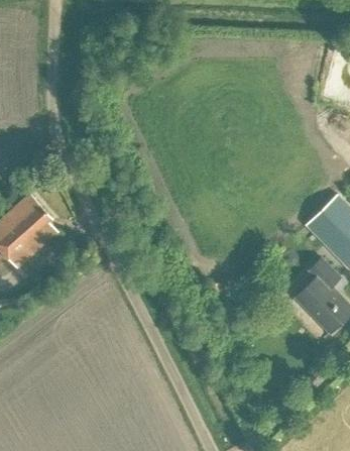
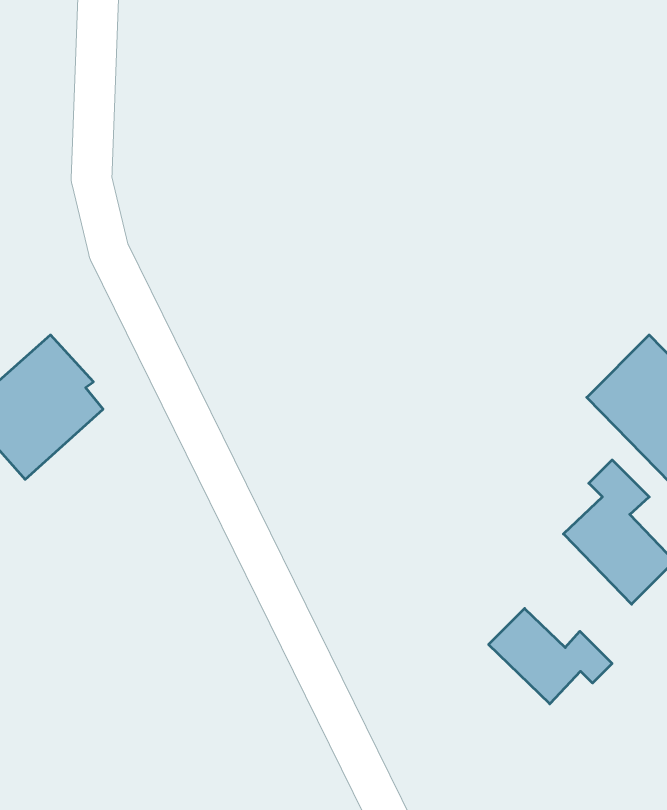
building: none -> [489,608,612,704]

